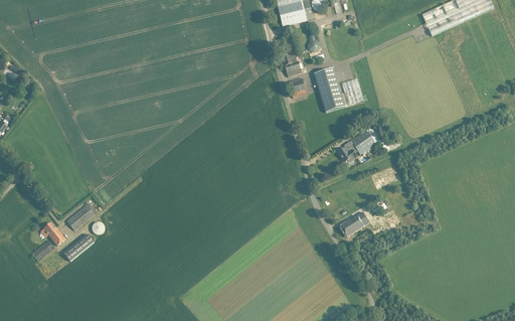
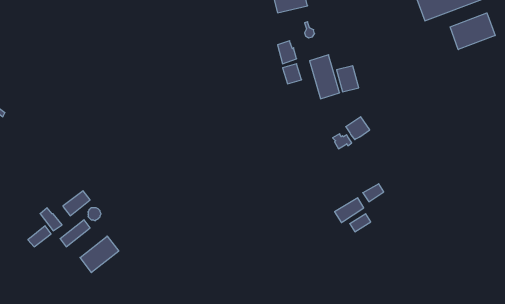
building: none -> [450,13,495,50]
building: none -> [80,236,119,273]

